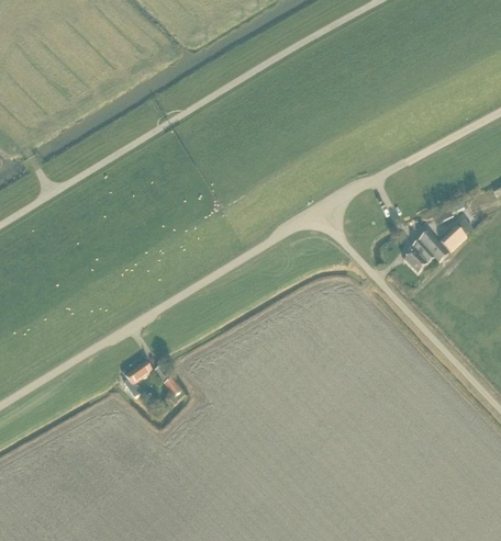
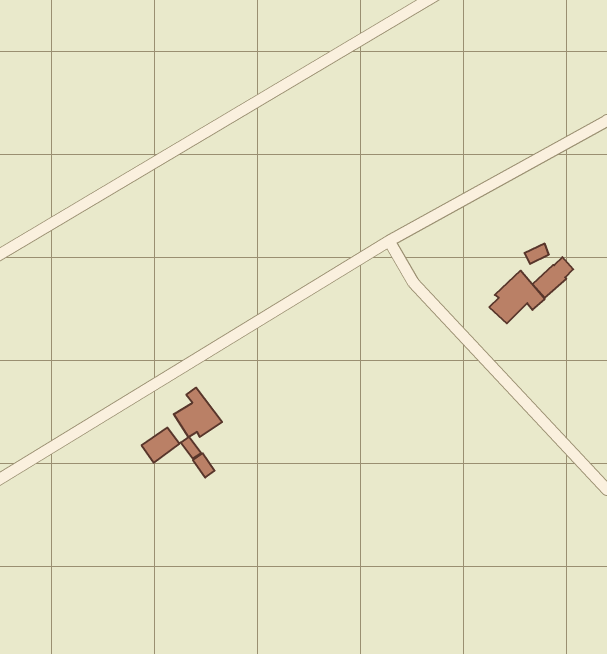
building: none -> [174,388,222,437]

